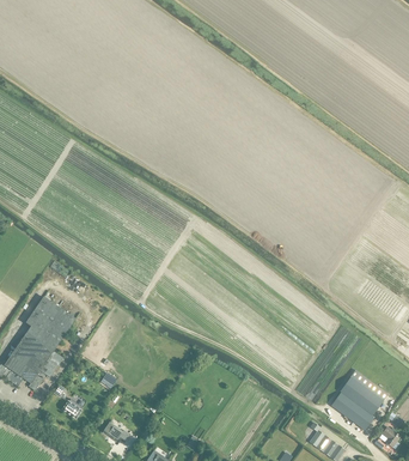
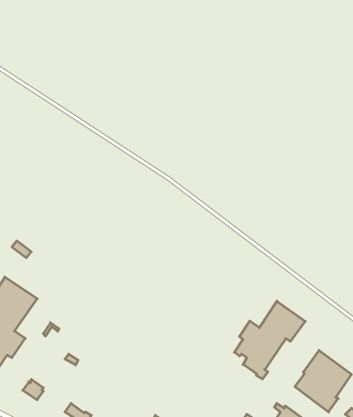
building: none -> [234,301,305,379]

